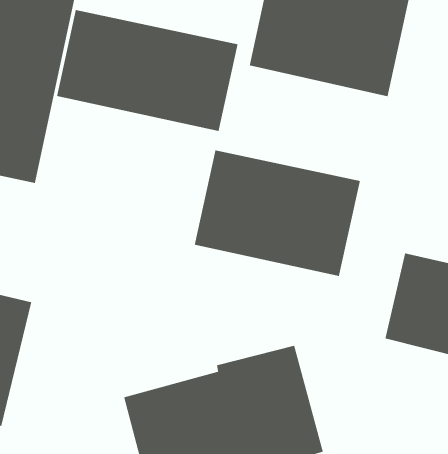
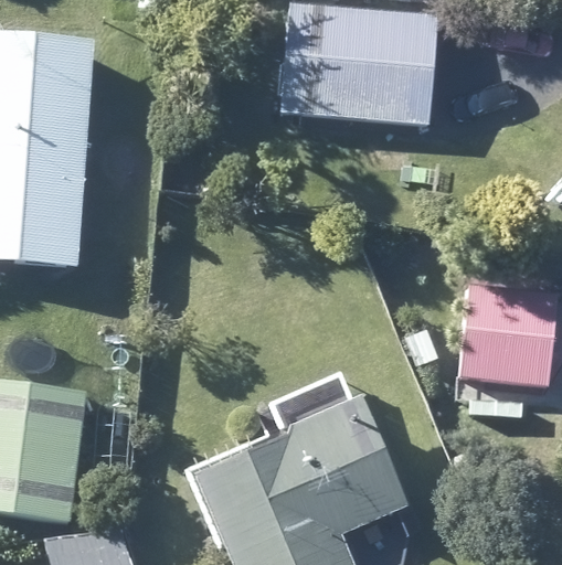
building: [56,9,239,132] -> none
building: [194,150,361,277] -> none

